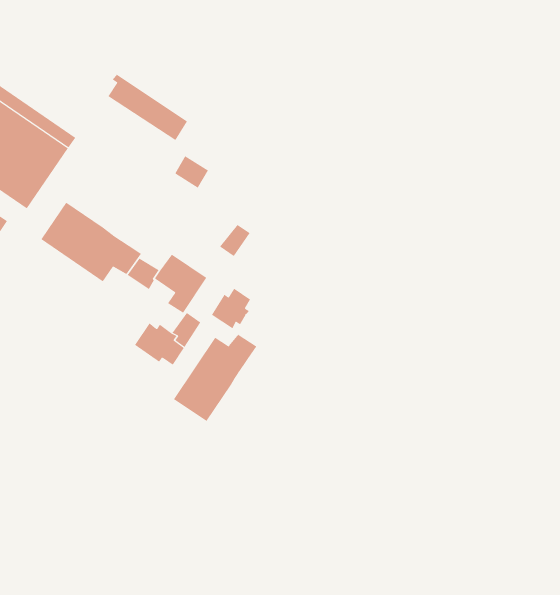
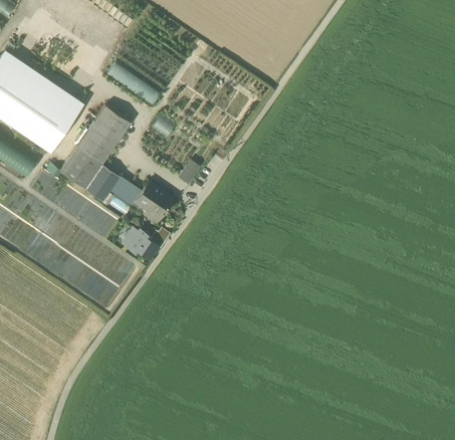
building: none -> [76,105,130,164]
building: [211,288,251,329] -> none
building: [173,334,257,422] -> none

